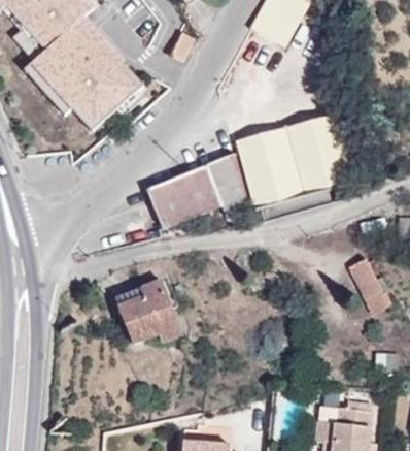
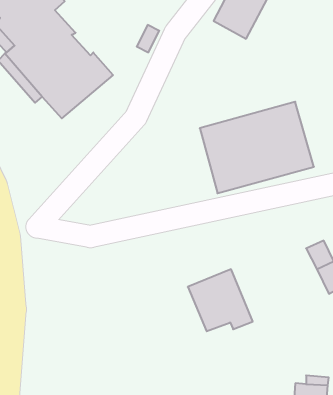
building: [146,152,249,226] -> none
building: [114,278,182,343] -> [188,269,253,331]

